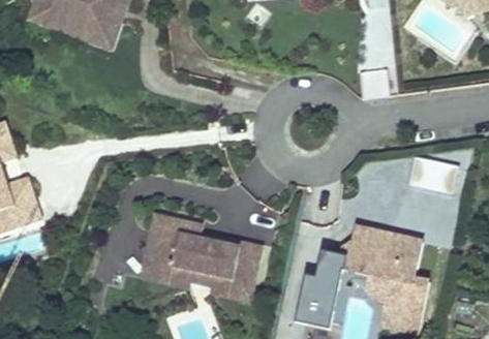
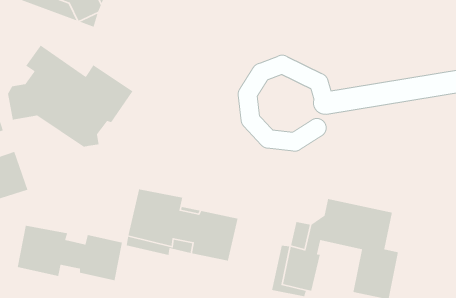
building: none -> [7,45,134,147]
building: none -> [17,225,123,281]

